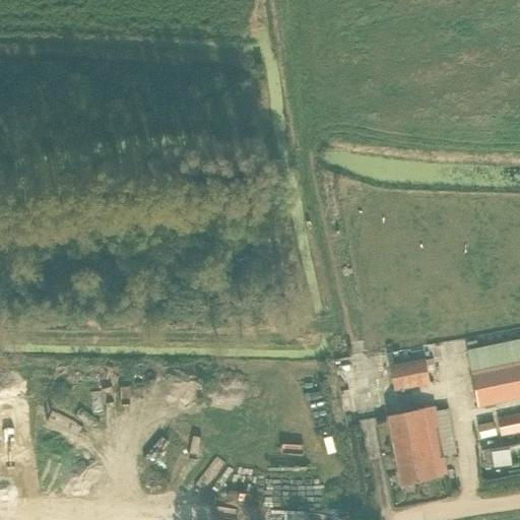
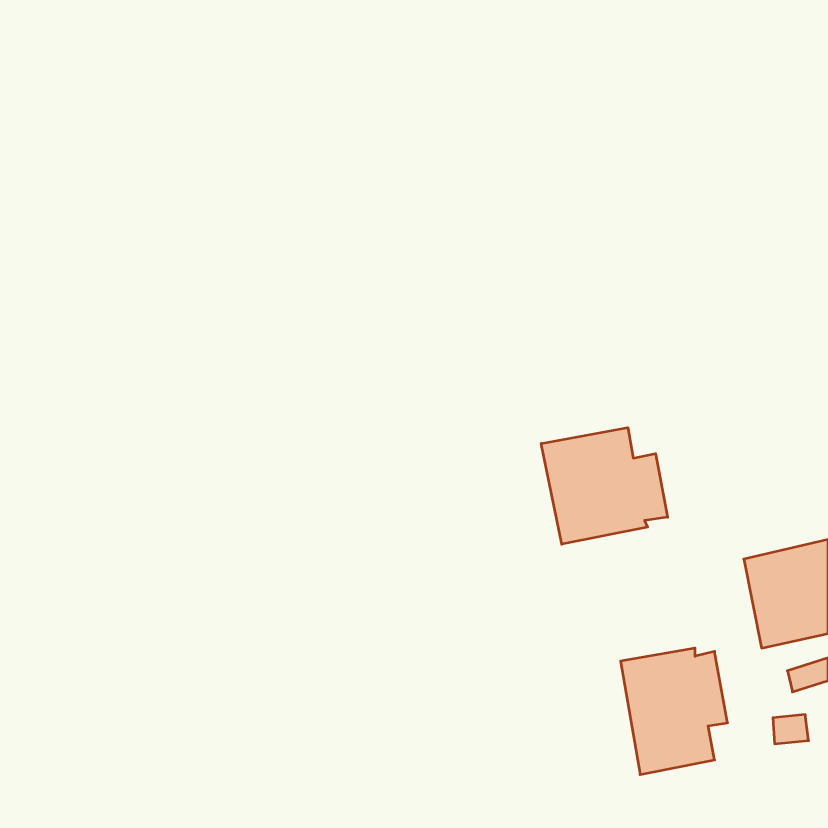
building: none -> [541,428,668,544]
building: [388,359,430,391] -> none

